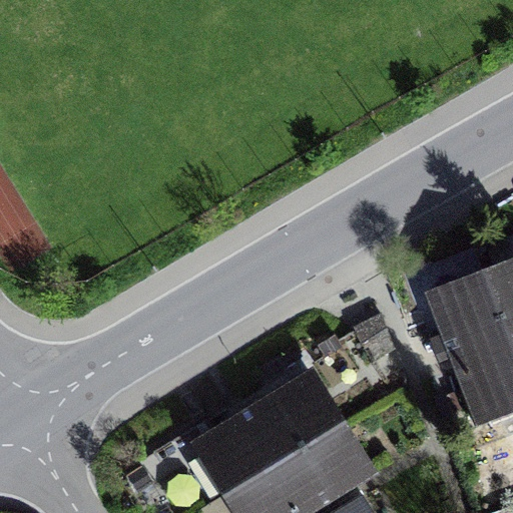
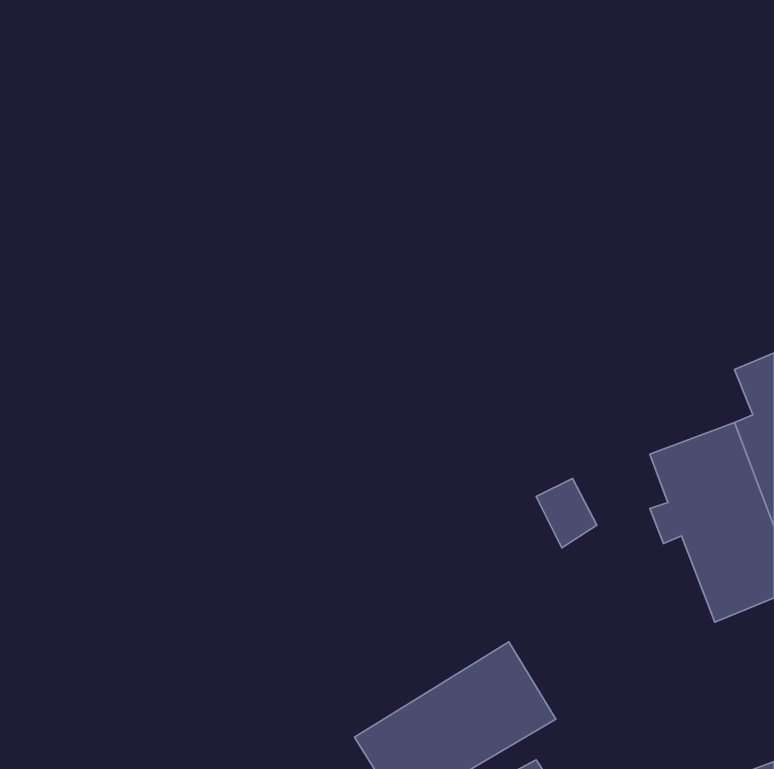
building: [202,377,337,491] -> none

